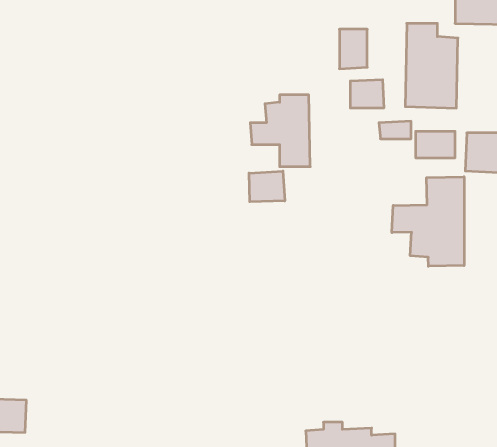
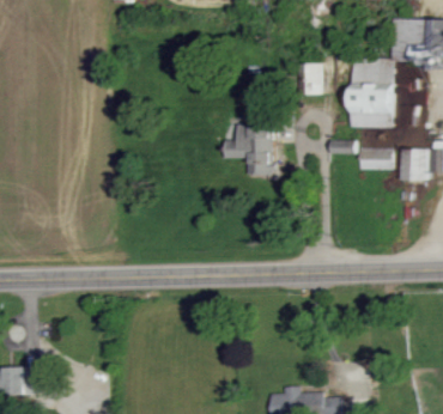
building: [350,80,384,108] -> none
building: [249,171,285,202] -> none
building: [392,177,464,266] -> none

